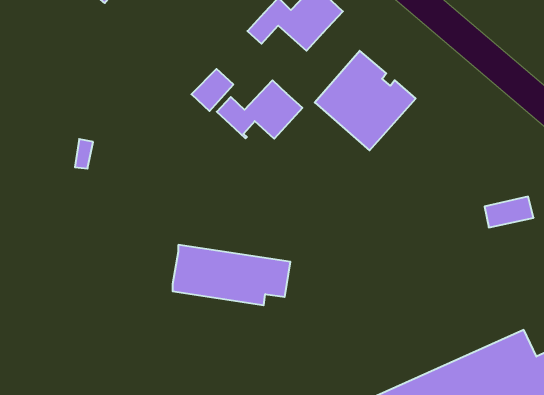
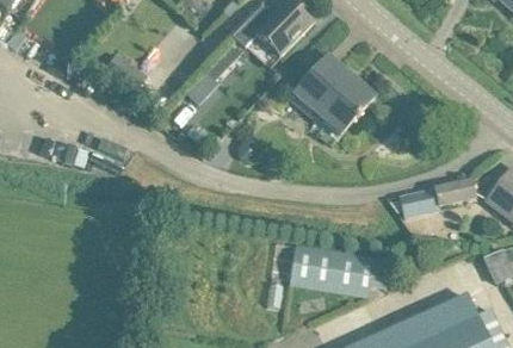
building: [217,80,302,139] -> none
building: none -> [397,187,439,219]
building: [173,245,290,305] -> [290,246,390,297]

